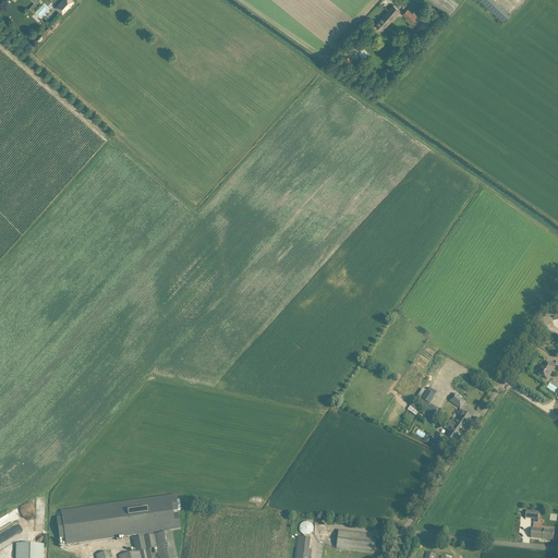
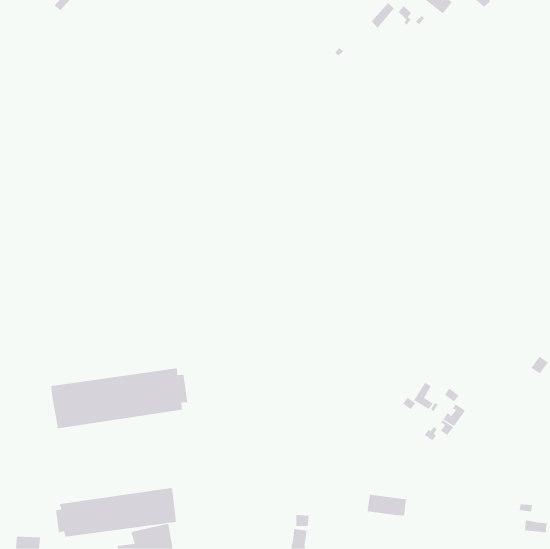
building: none -> [51,368,188,429]
building: [335,529,375,550] -> [367,494,407,516]

